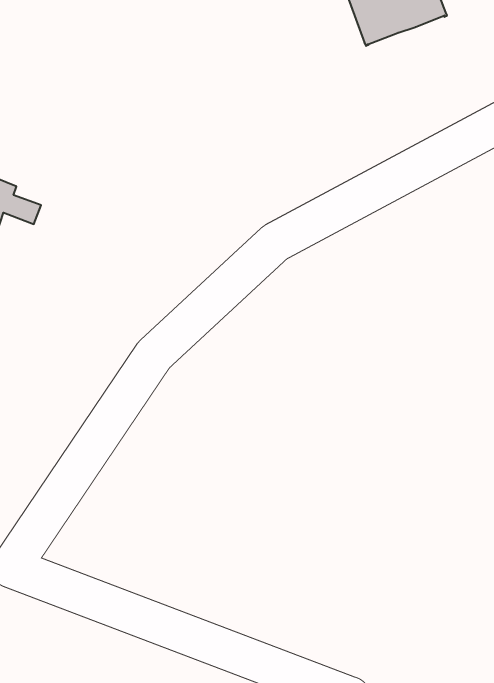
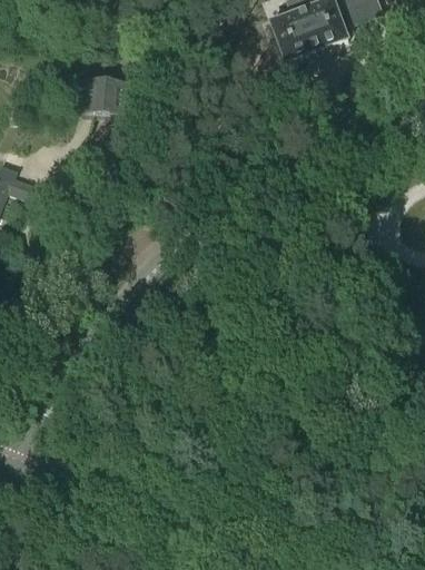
building: none -> [80,77,125,111]

